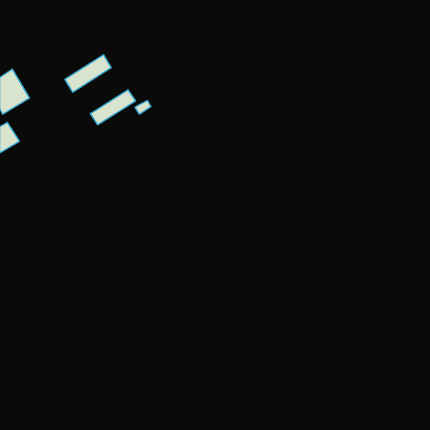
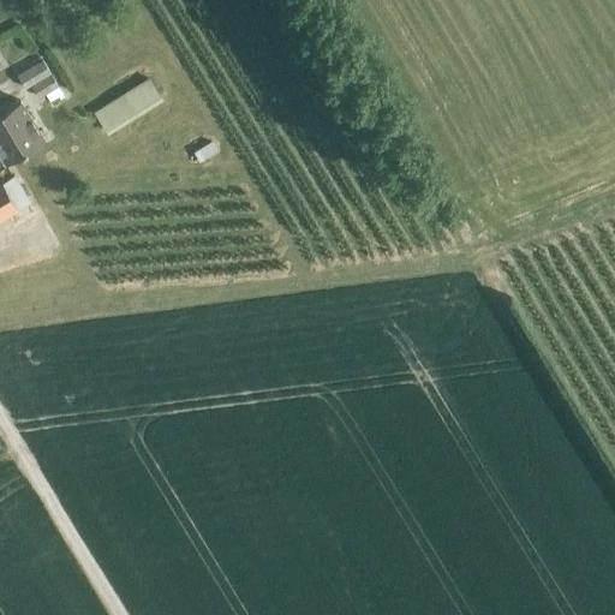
building: none -> [14,61,56,100]
building: [90,90,135,125] -> none

